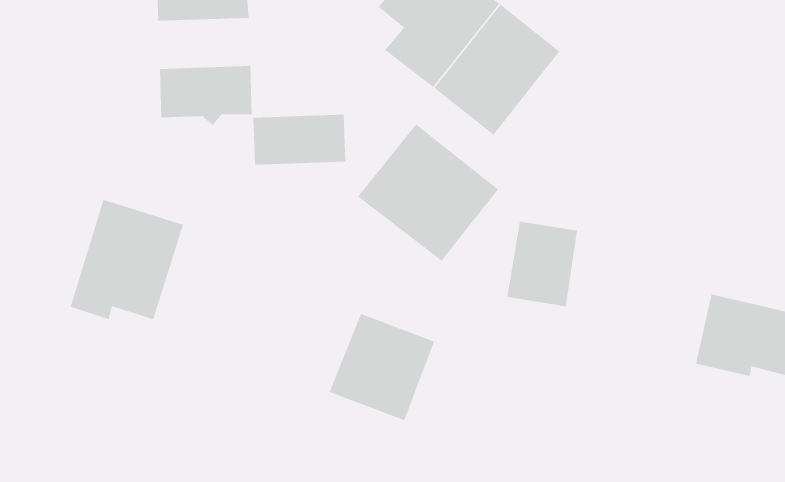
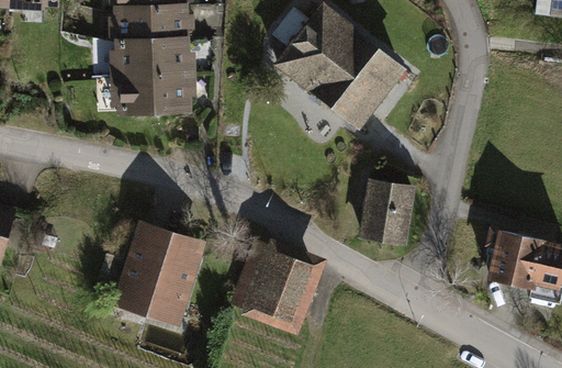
building: [252,114,346,165] -> [121,42,186,77]
building: [357,124,499,262] -> none
building: [70,199,184,320] -> [120,232,199,315]

